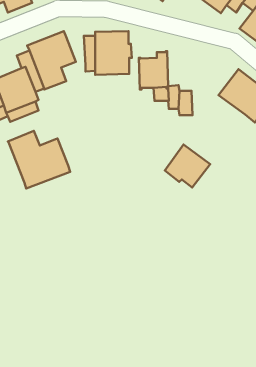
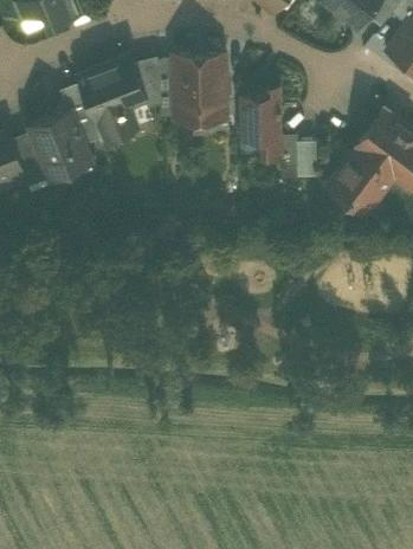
building: none -> [133,59,161,111]
building: [8,131,70,189] -> none
building: [165,145,210,188] -> [328,150,394,213]

